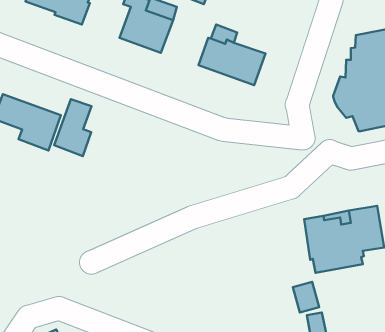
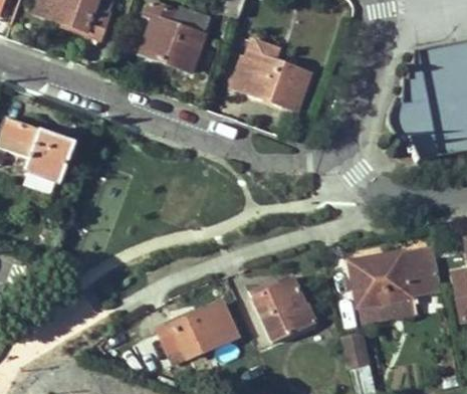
building: [54,99,92,156] -> none
building: none -> [251,277,318,343]
building: none -> [159,305,239,358]

